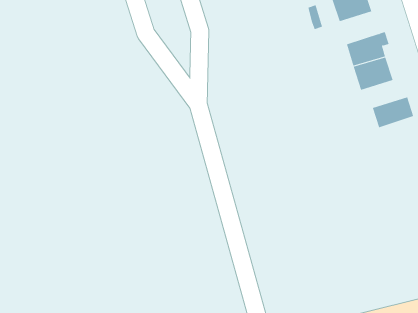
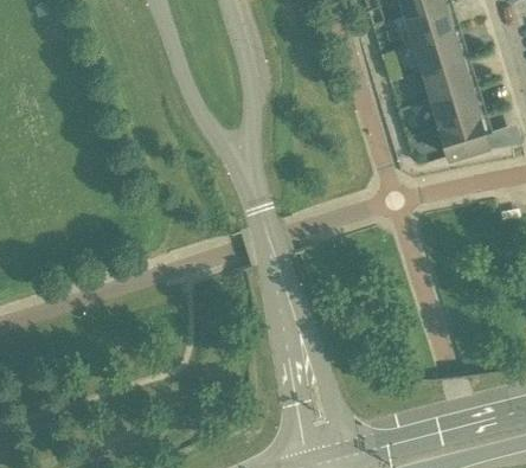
building: none -> [422,56,470,96]
building: [372,96,414,128] -> none

